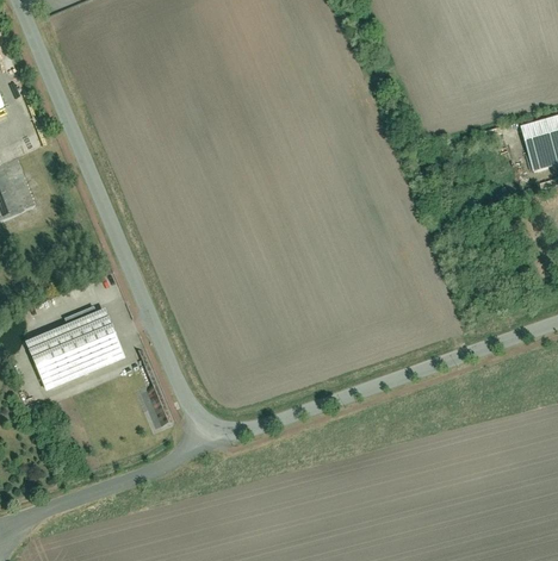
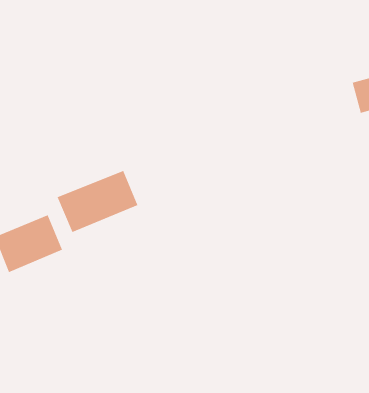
building: none -> [57,170,138,233]

